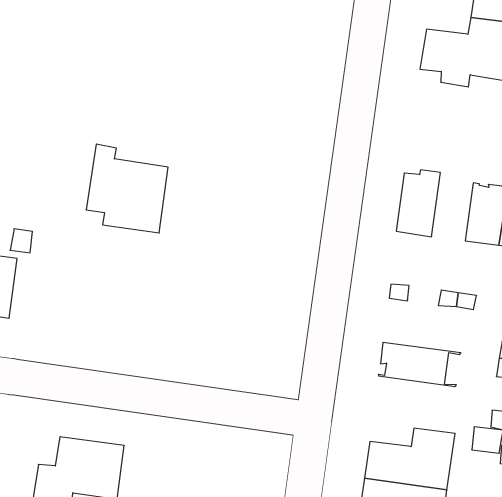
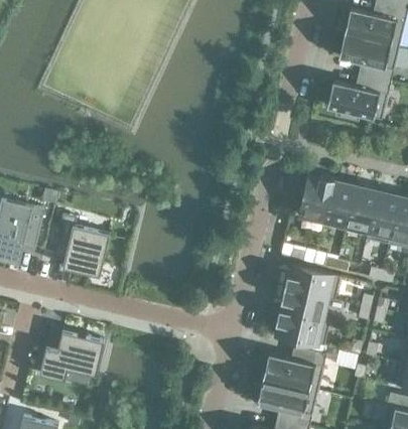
building: [86,144,168,233] -> [52,212,110,276]
building: none -> [323,177,355,225]
building: none -> [284,265,341,299]
building: none -> [276,309,329,344]

